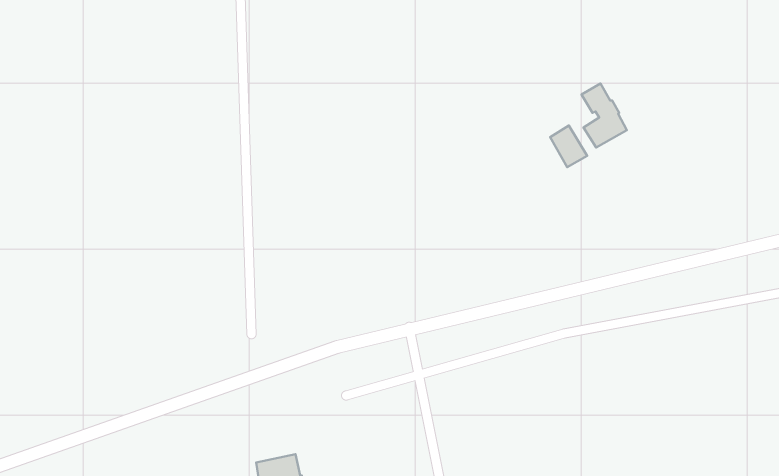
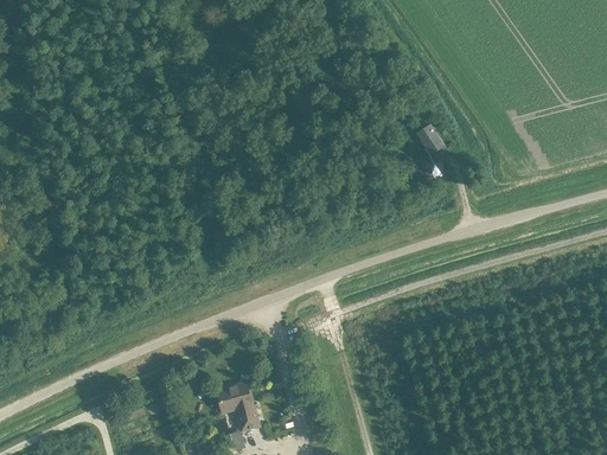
building: [582,83,627,147] -> none

